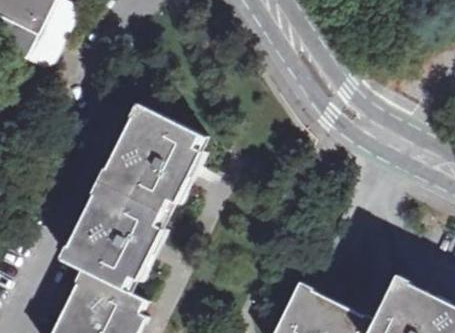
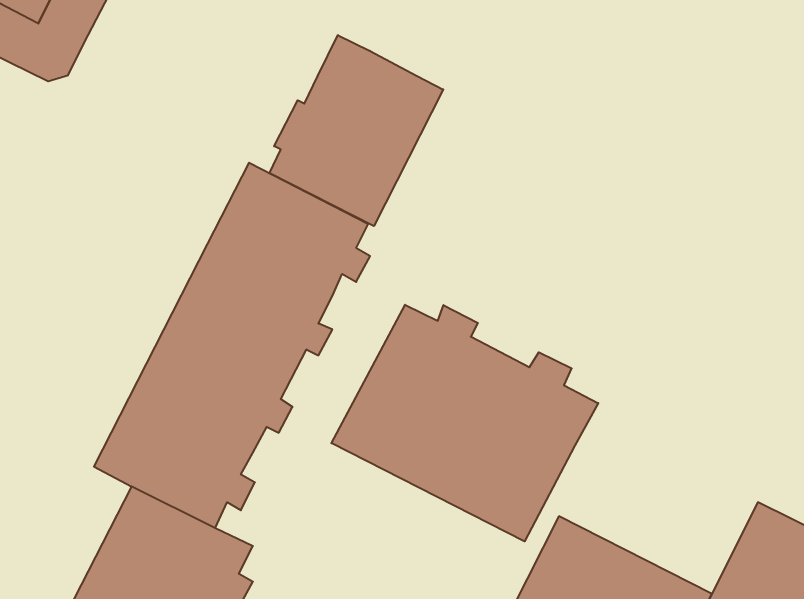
building: none -> [269,35,443,226]
building: none -> [331,305,598,541]

